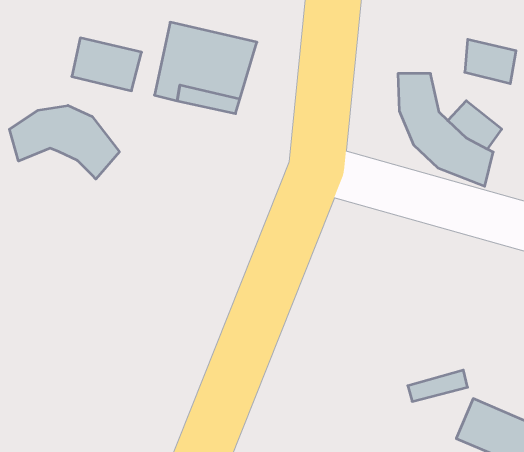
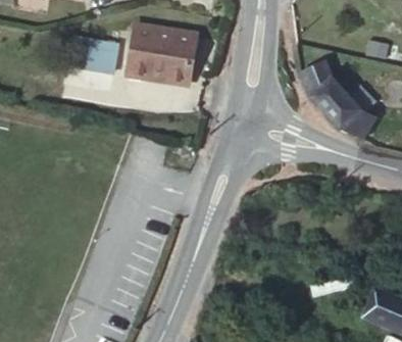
building: [9,105,119,179] -> none

